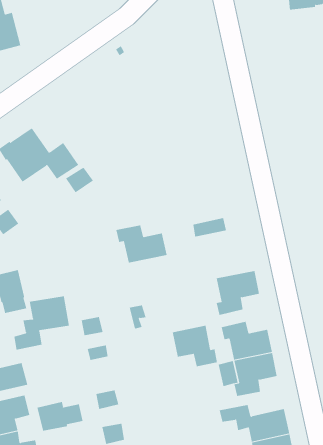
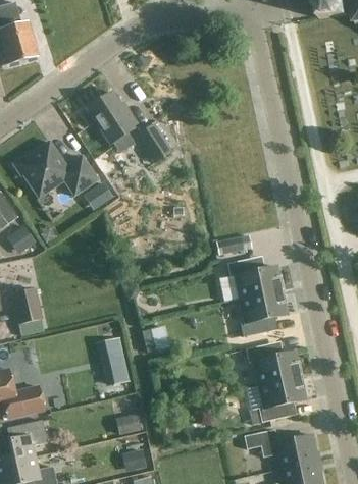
building: none -> [87,91,138,143]
building: none -> [136,123,170,162]
building: [116,225,167,263] -> [227,258,282,298]
building: [14,295,70,350] -> none
building: [172,325,217,367] -> none
building: [37,401,83,432] -> none

